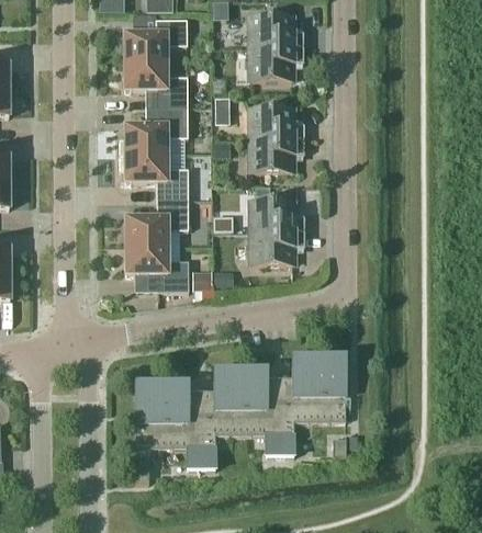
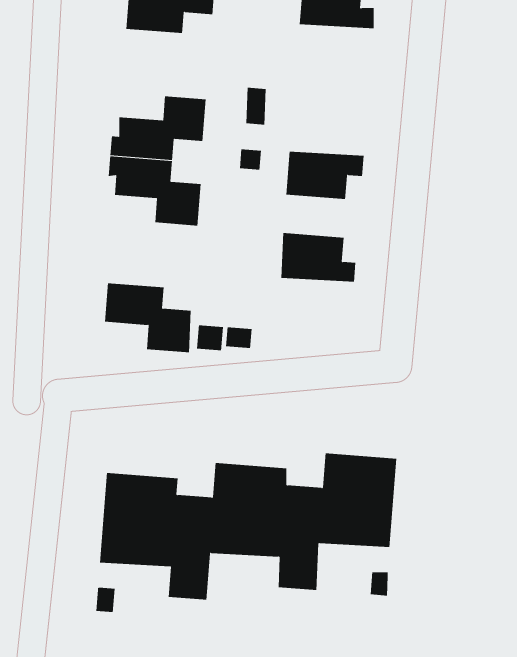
building: [249,45,304,78] -> none
building: [124,59,187,105] -> none
building: [249,105,304,138] -> none
building: [125,197,188,243] -> none
building: [250,229,304,262] -> none

